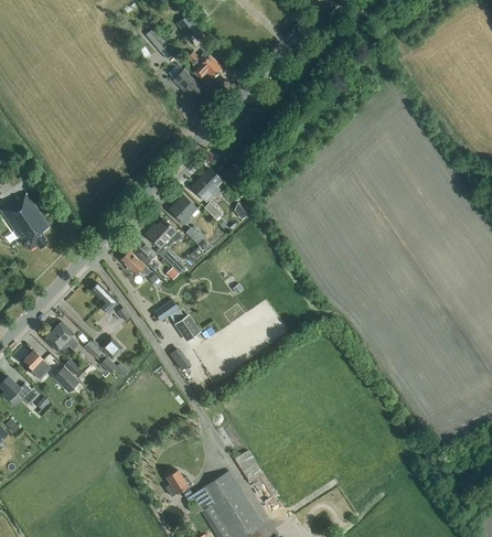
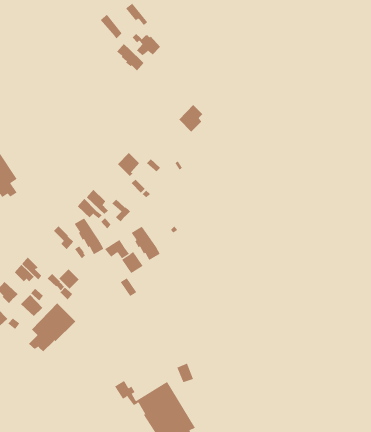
building: [191,169,221,203] -> [179,104,203,132]
building: [146,219,179,249] -> none
building: none -> [74,218,104,255]
building: none -> [131,226,160,261]
building: none -> [28,303,76,352]

